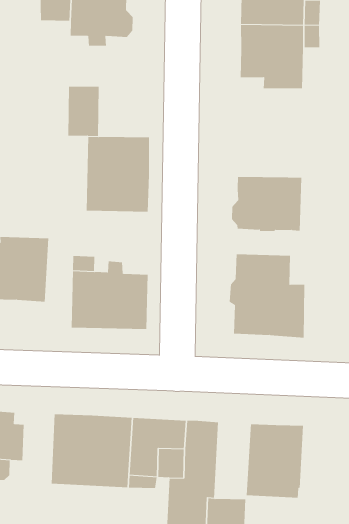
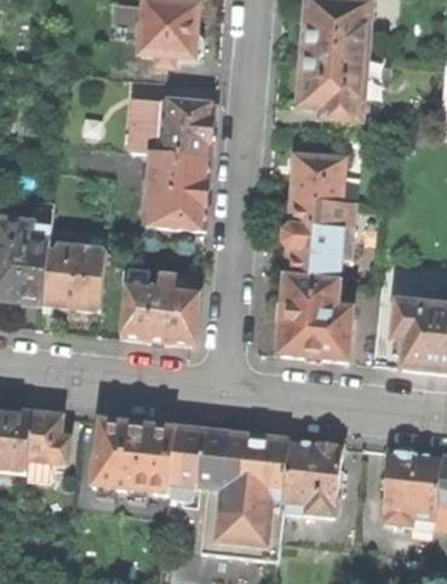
building: none -> [160,98,214,155]
building: none -> [292,155,345,202]
building: none -> [286,250,342,279]
building: none -> [251,436,290,513]

